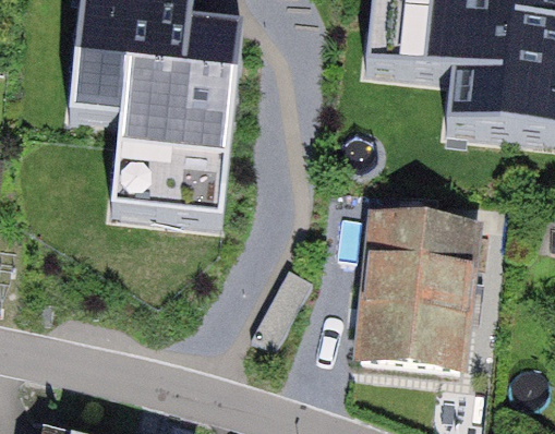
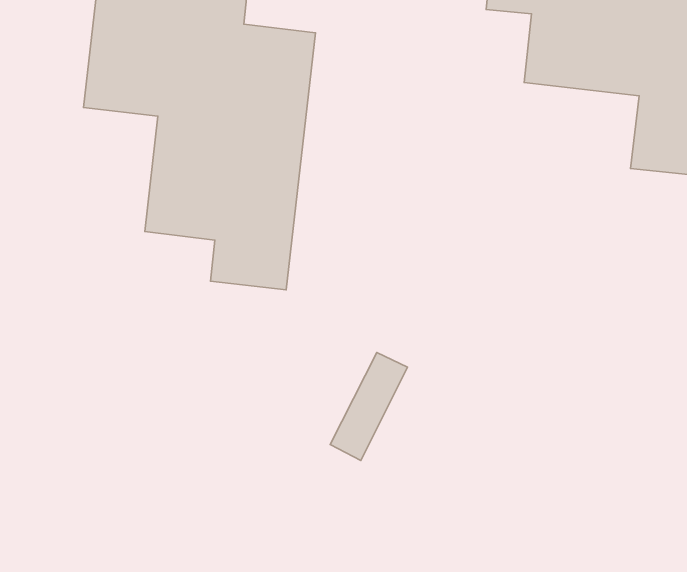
building: [363,219,473,372] -> none

